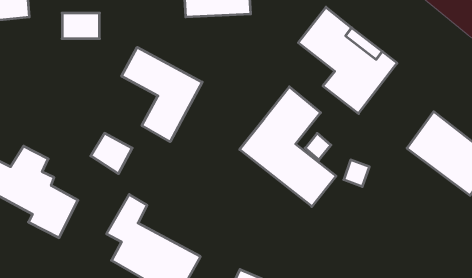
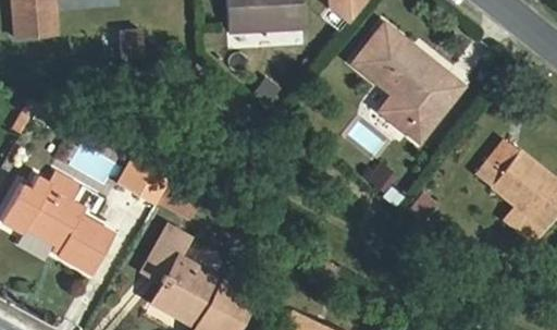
building: [122,47,202,142] -> none
building: [240,87,336,207] -> none

